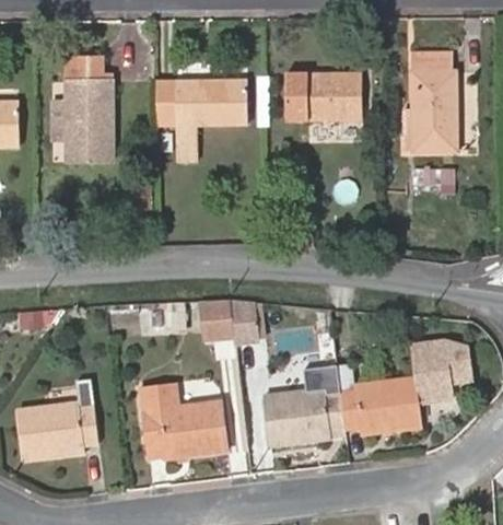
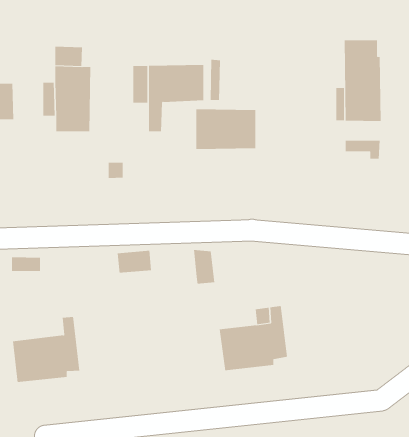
building: [288,72,360,120] -> [195,109,256,149]
building: [201,300,236,337] -> none
building: [338,340,471,434] -> none
building: [141,387,226,459] -> none

